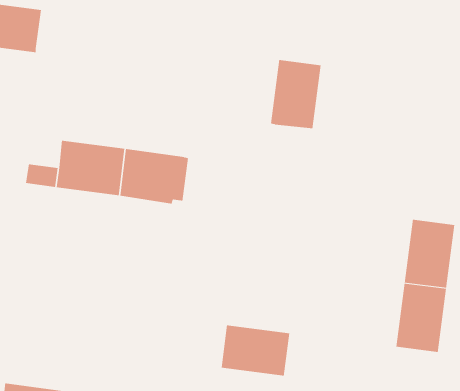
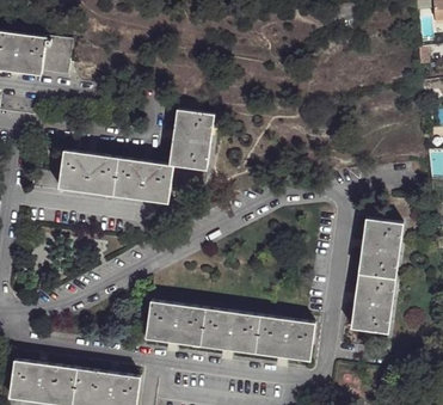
building: none -> [42,37,72,74]
building: [270,60,322,129] -> [170,109,214,168]
building: none -> [146,300,205,345]
building: none -> [256,315,315,360]

